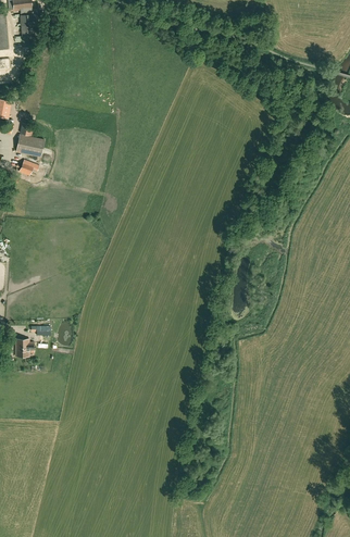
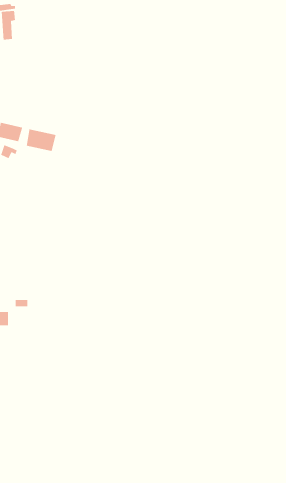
building: none -> [26,128,56,152]

